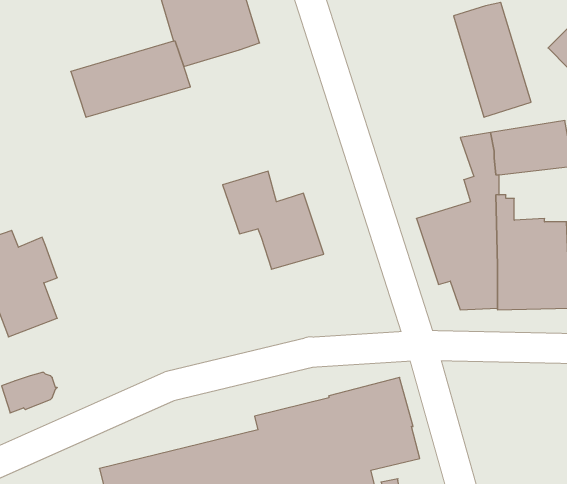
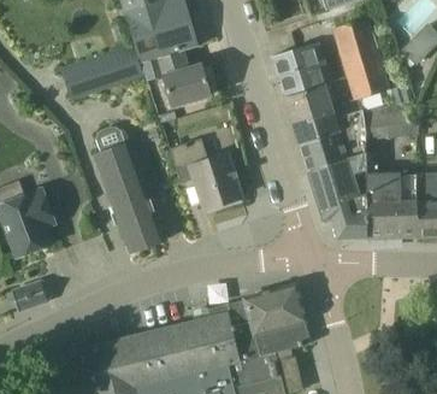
building: none -> [271,42,348,172]
building: none -> [141,52,212,107]
building: none -> [94,141,164,253]

